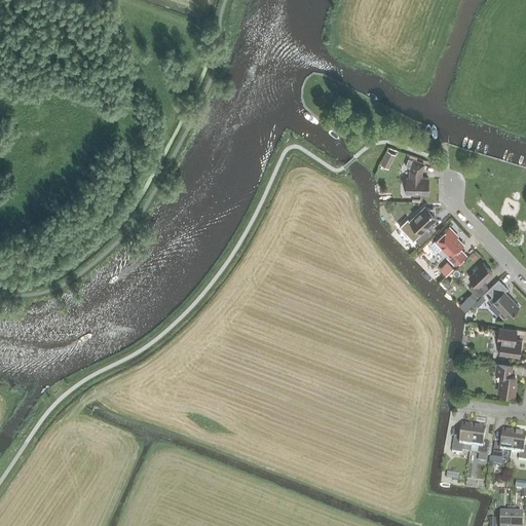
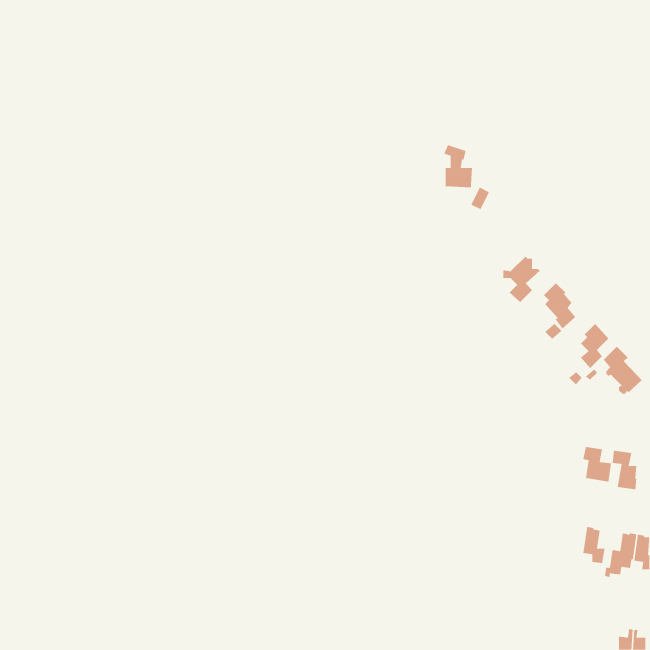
building: [405,159,428,196] -> [444,145,473,190]
building: [497,328,521,356] -> [583,446,612,482]
building: [452,424,474,454] -> none

